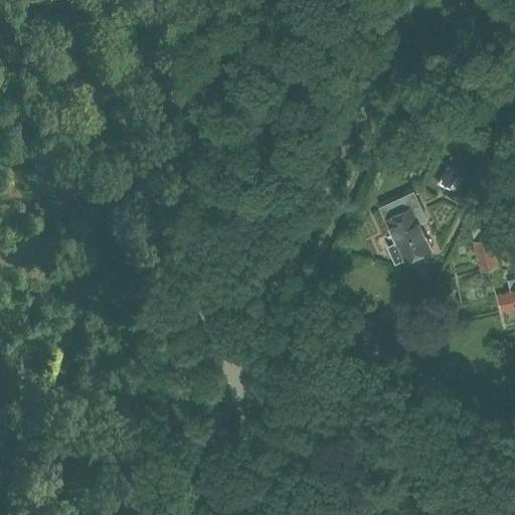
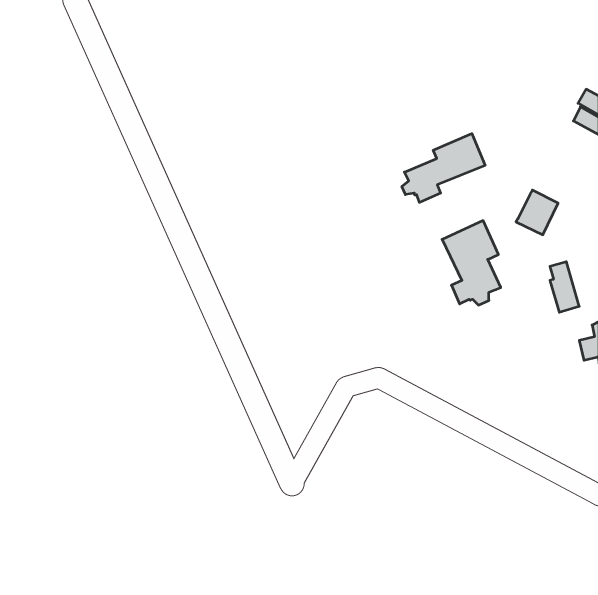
building: none -> [402,134,485,202]

